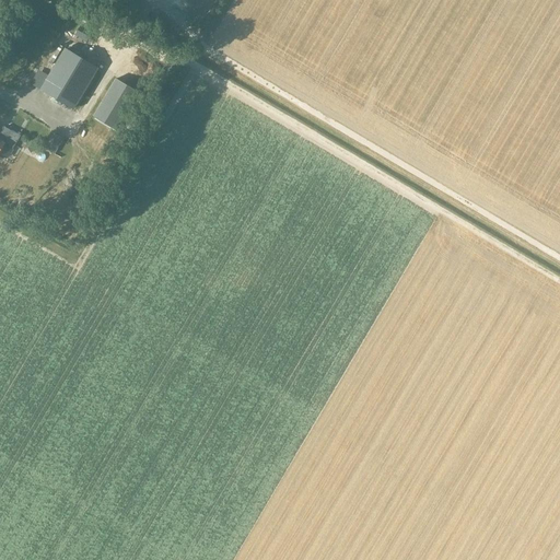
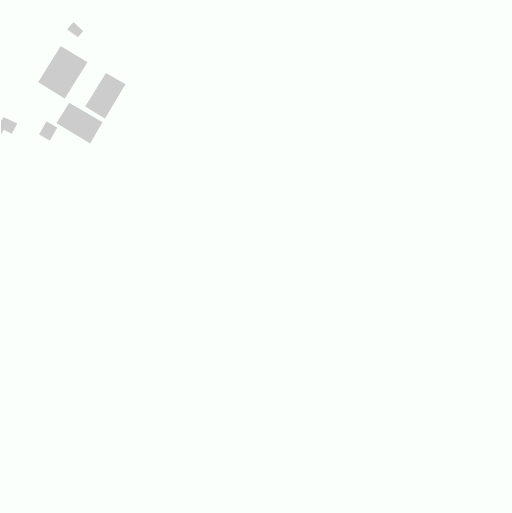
building: none -> [55,102,103,144]

